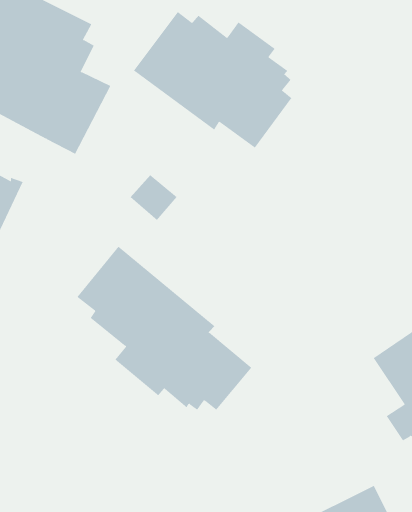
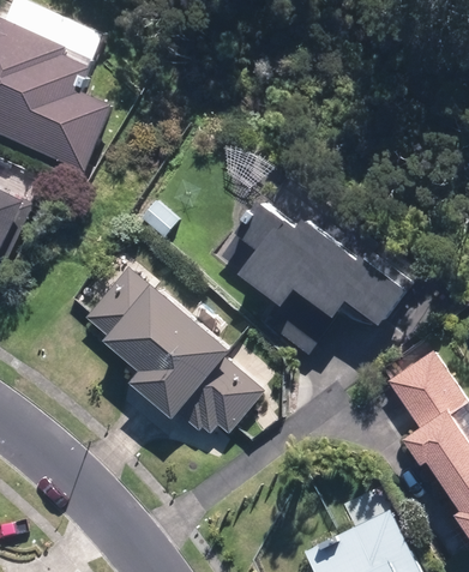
building: [133,11,292,149] -> none
building: none -> [221,199,402,354]

